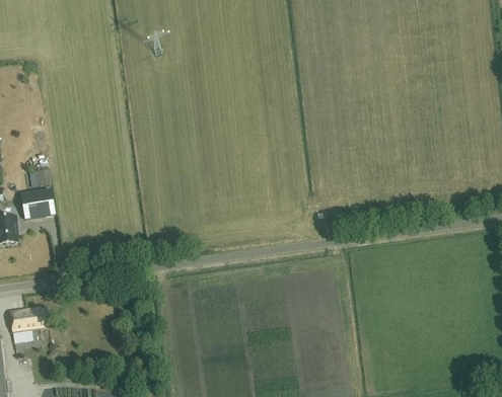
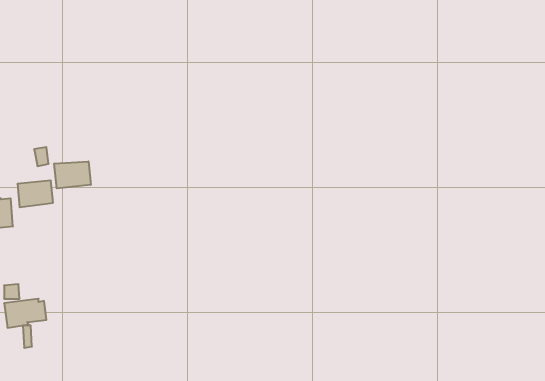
building: none -> [54,161,91,188]

